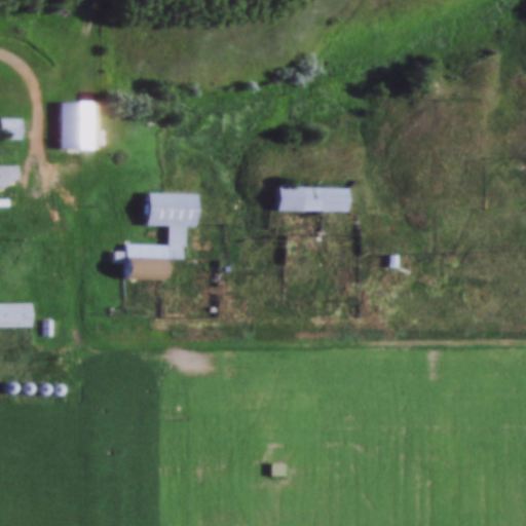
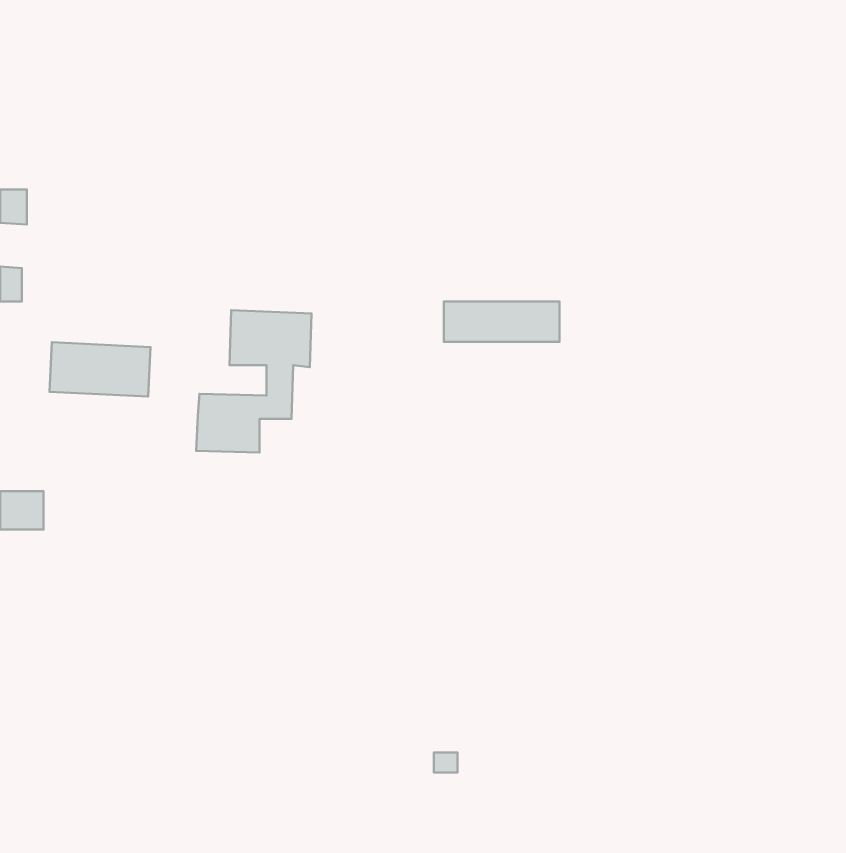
building: [62,102,95,149] -> none
building: none -> [49,342,151,396]

